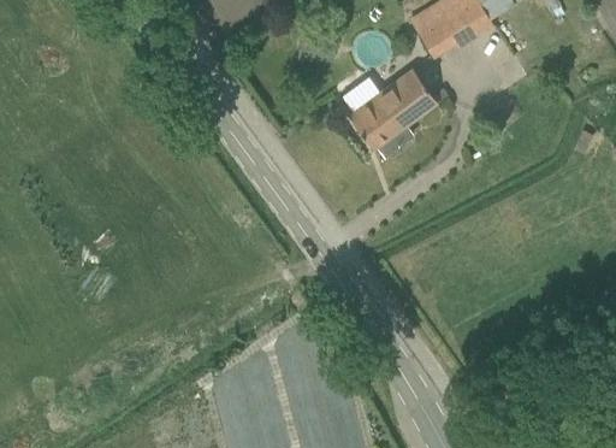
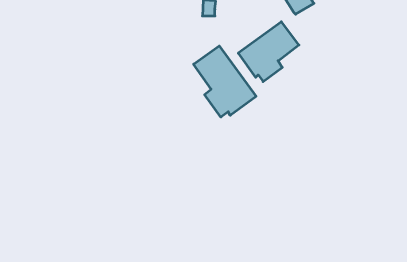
building: none -> [194,46,256,117]

